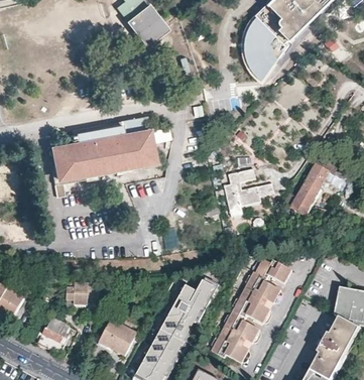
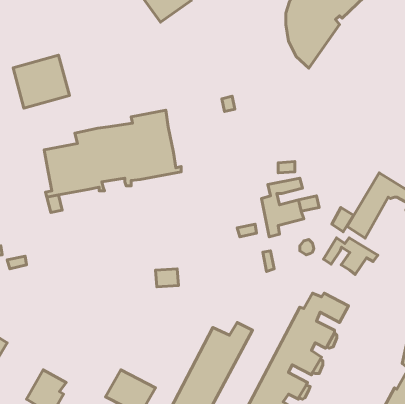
building: none -> [13,55,70,108]
building: none -> [324,238,378,274]
building: [67,283,100,301] -> none

